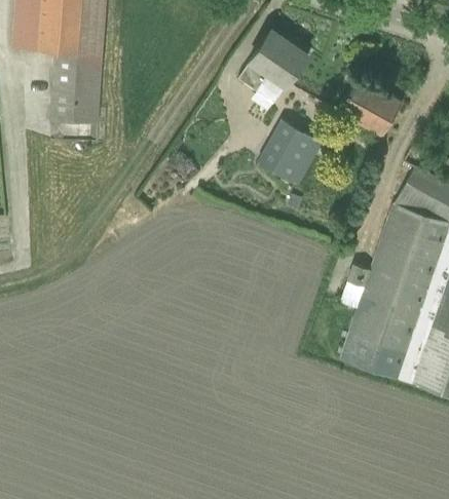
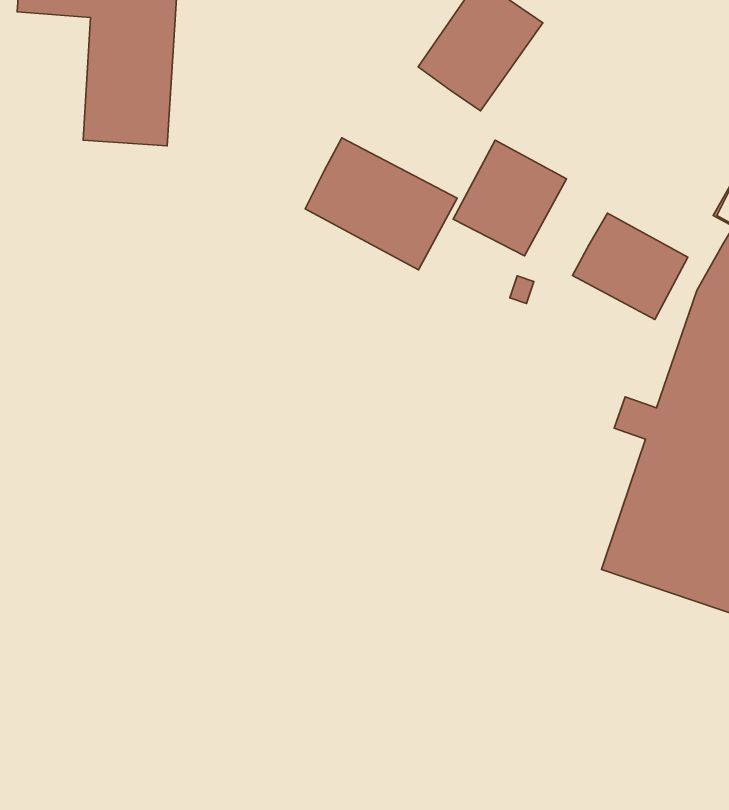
building: [337,77,402,137] -> [573,213,688,320]
building: none -> [305,138,457,270]

